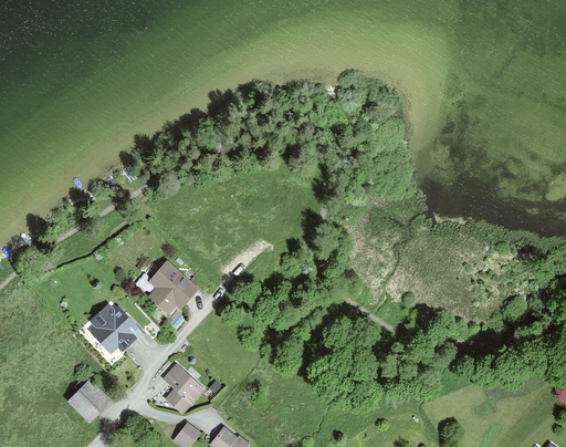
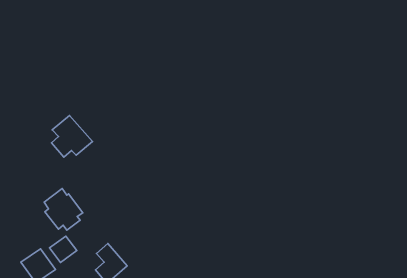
building: [147,260,200,314] -> [52,115,93,157]
building: none -> [49,236,77,262]

